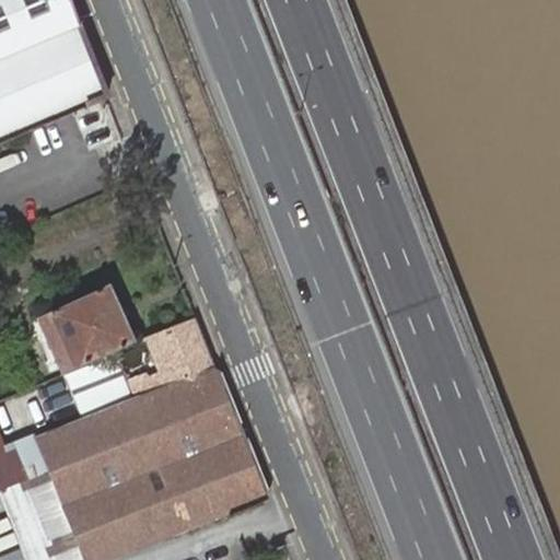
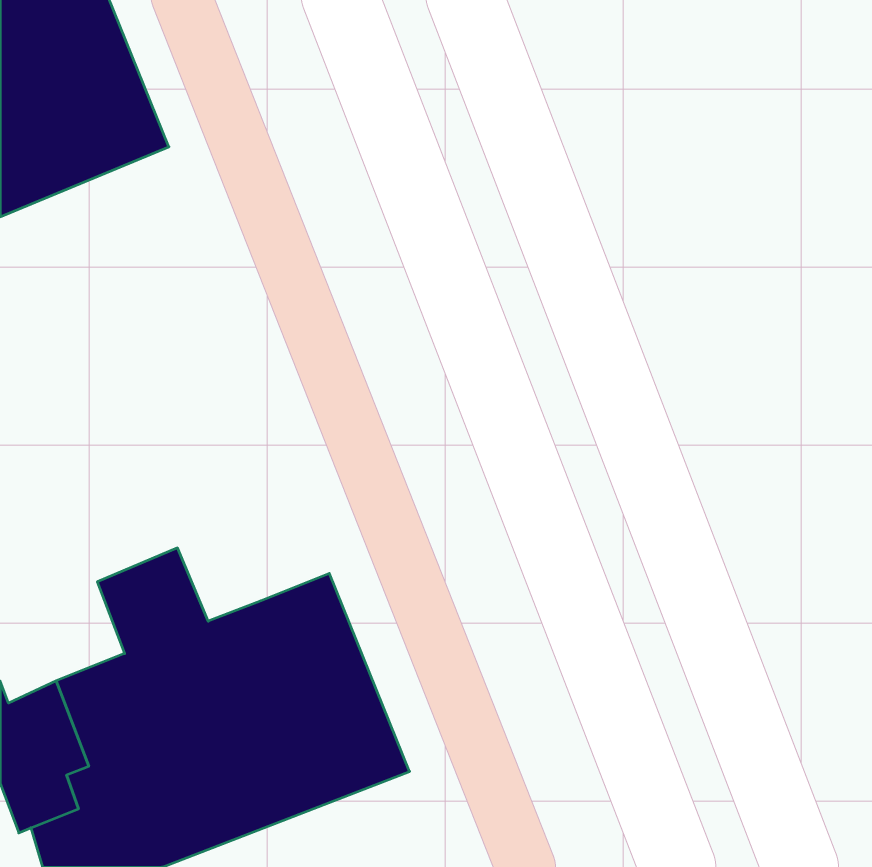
building: [37,285,133,373] -> none
building: [148,318,211,385] -> none

